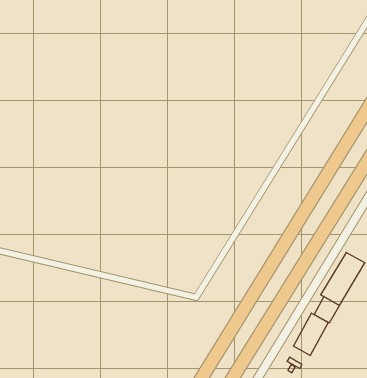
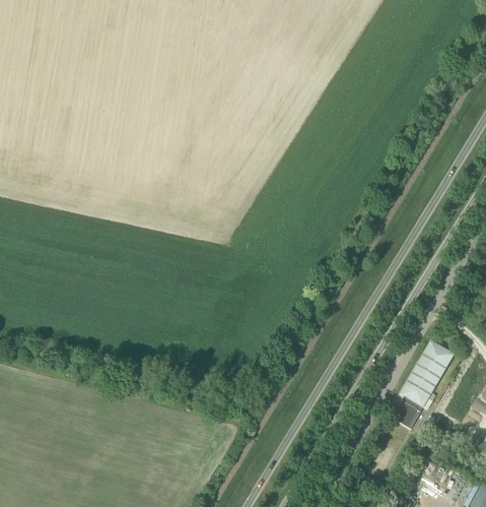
building: [293,313,328,356] -> none

